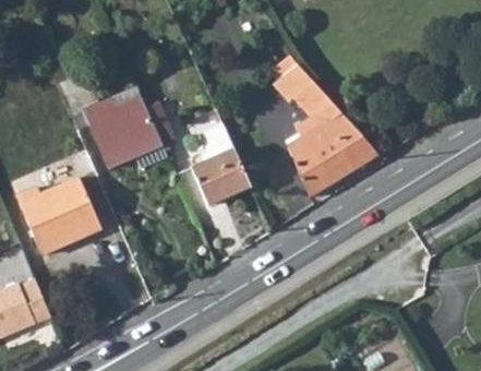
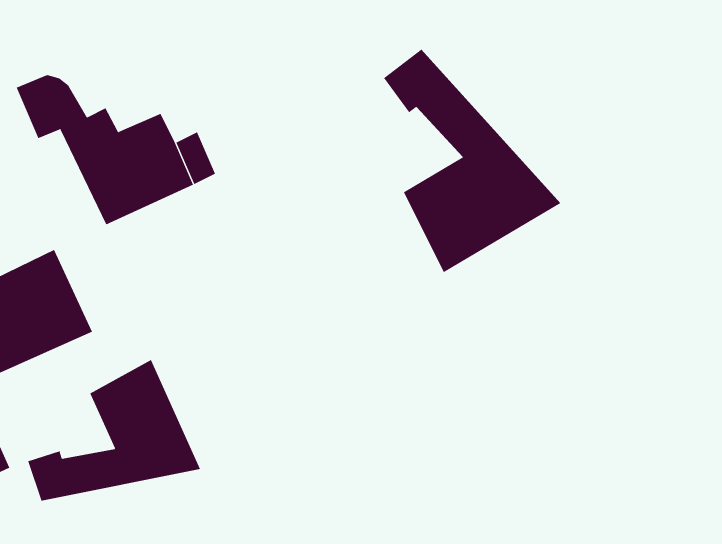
building: [190,121,248,203] -> none
building: none -> [28,359,201,501]

